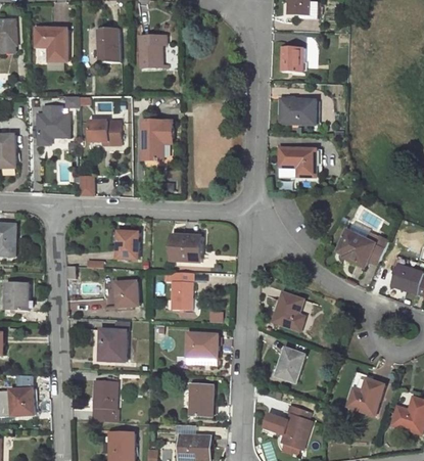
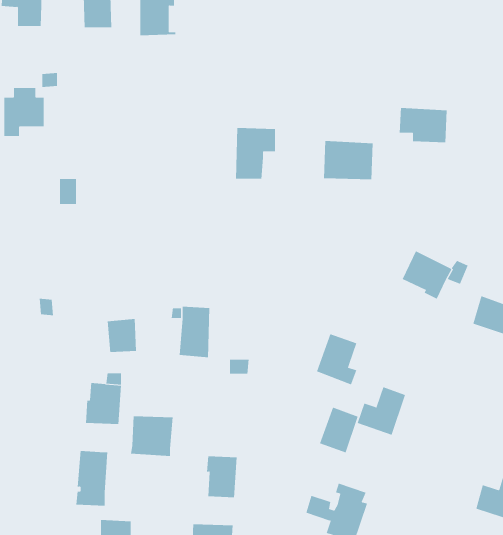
building: [281,46,303,72] -> none
building: [280,97,317,124] -> [399,107,448,143]
building: [90,120,121,144] -> none
building: [142,120,173,158] -> [235,127,276,179]
building: [116,230,139,258] -> none
building: [171,234,202,261] -> none
building: [186,332,219,363] -> [130,416,174,457]
building: [347,377,384,414] -> [357,387,406,435]

